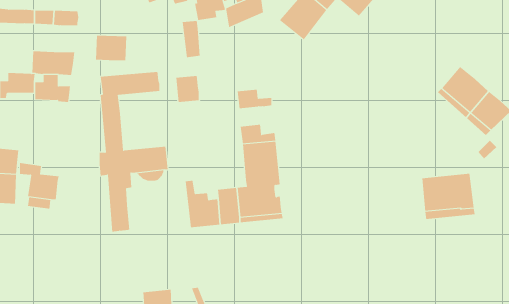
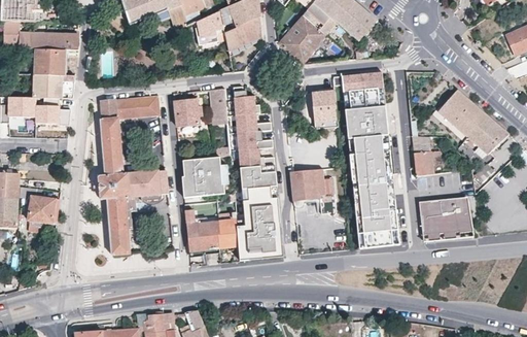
building: [182,21,201,58] -> [209,88,227,125]
building: [95,35,127,61] -> [34,49,66,75]
building: none -> [332,72,399,248]
building: none -> [233,86,256,114]
building: none -> [311,90,338,128]
building: none -> [238,130,273,149]
building: none -> [412,136,433,176]
building: none -> [182,157,223,197]
building: none -> [290,168,336,215]

